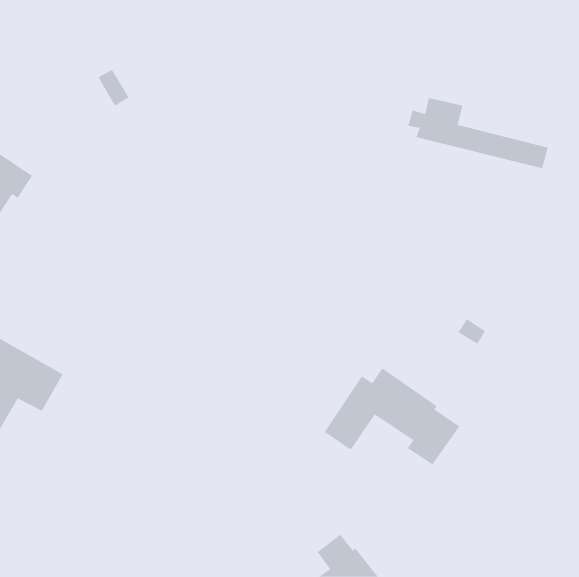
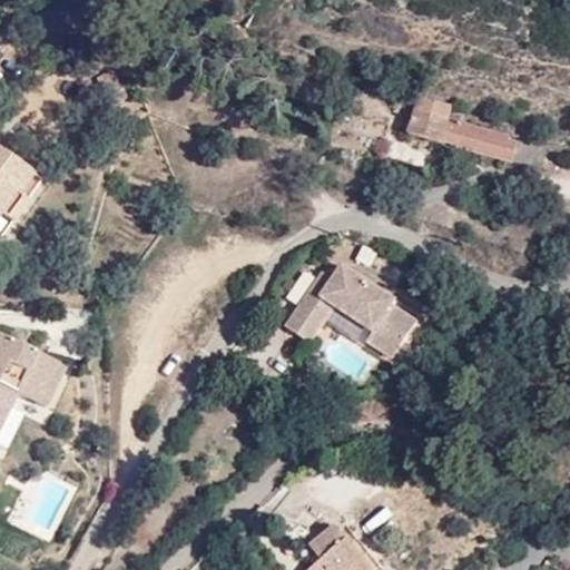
building: [323,368,460,465] -> [285,263,420,358]

